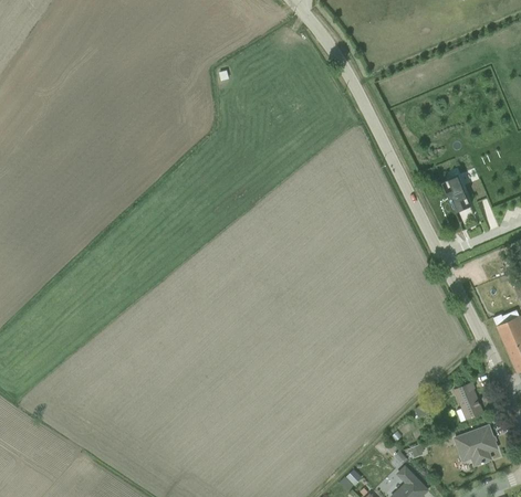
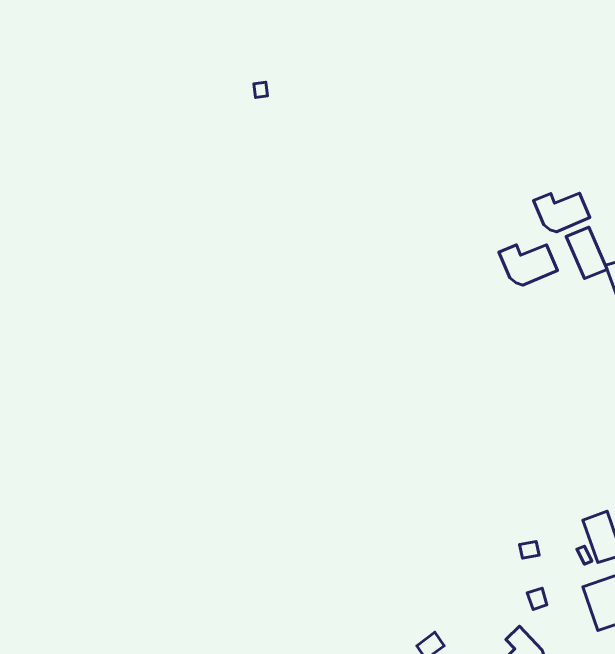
building: none -> [533,193,590,232]
building: none -> [499,245,557,285]

